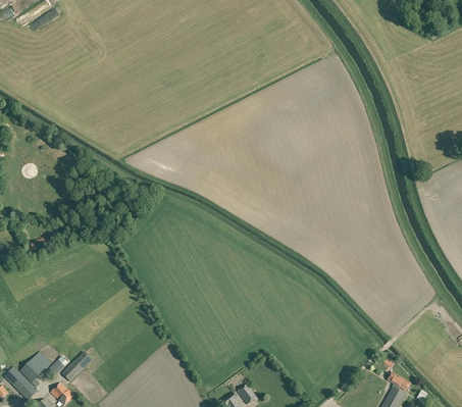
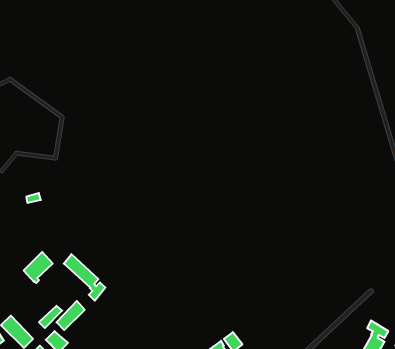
building: none -> [64,254,105,301]
building: [20,351,51,384] -> [24,252,53,283]

